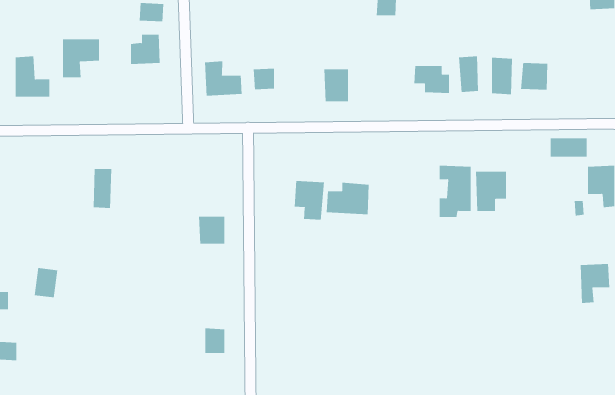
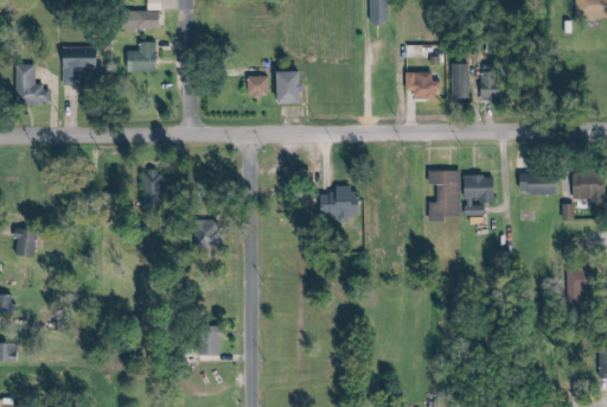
building: [204,61,242,97] -> none
building: [521,62,548,90] -> none
building: [323,69,349,102] -> [280,71,305,103]
building: [550,138,587,157] -> [520,174,557,193]
building: [93,169,112,209] -> [142,170,161,209]
building: [294,180,325,221] -> none
building: [34,268,58,298] -> [13,227,37,256]

